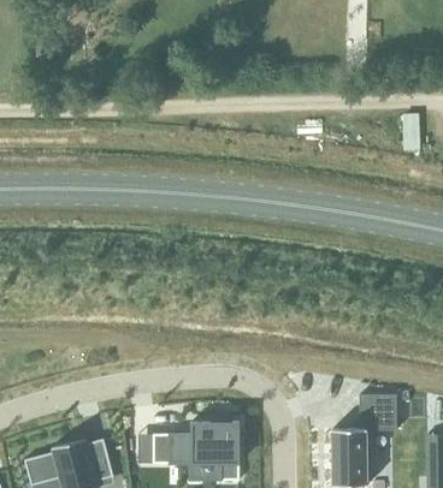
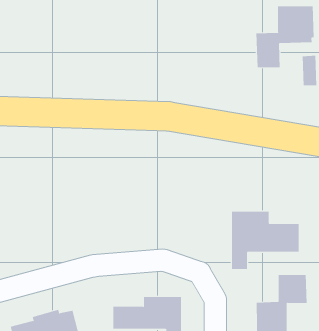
building: none -> [256,6,314,68]
building: none -> [232,211,299,270]

